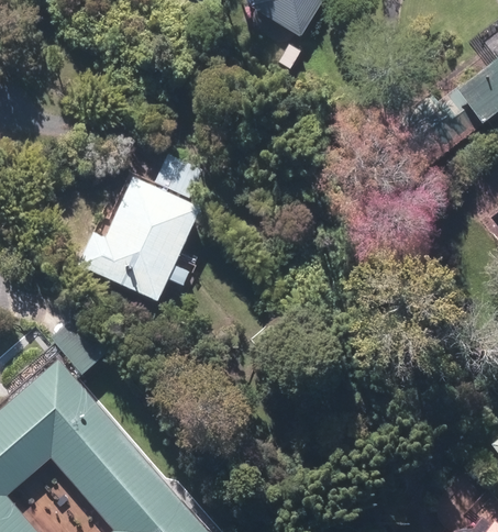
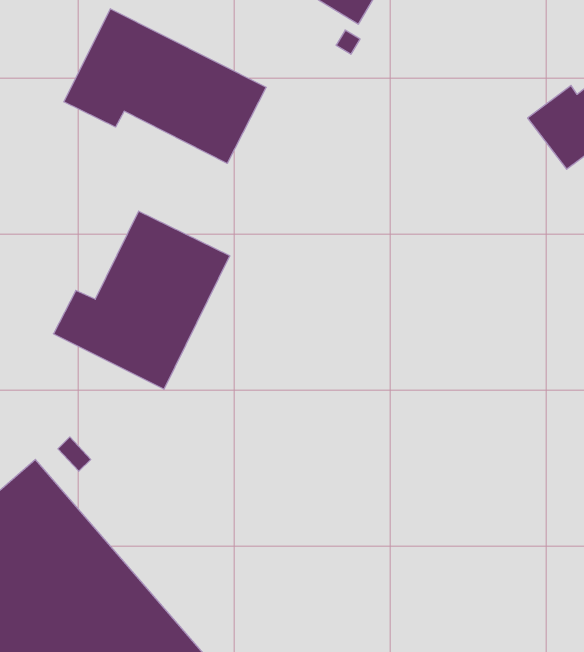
building: none -> [64,9,266,163]

